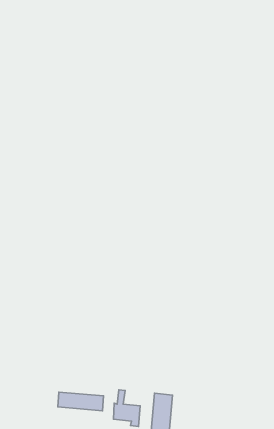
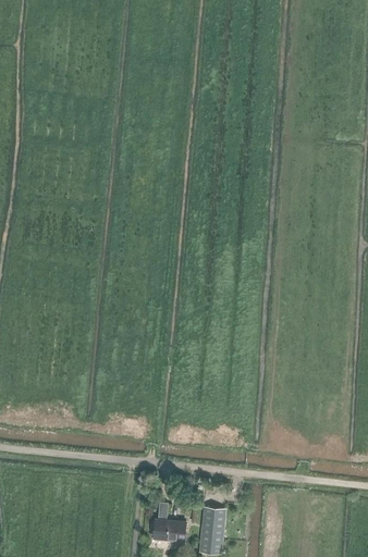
building: [58,392,104,411] -> none

